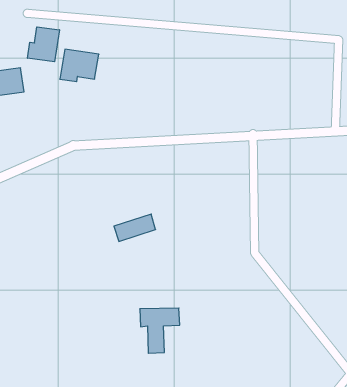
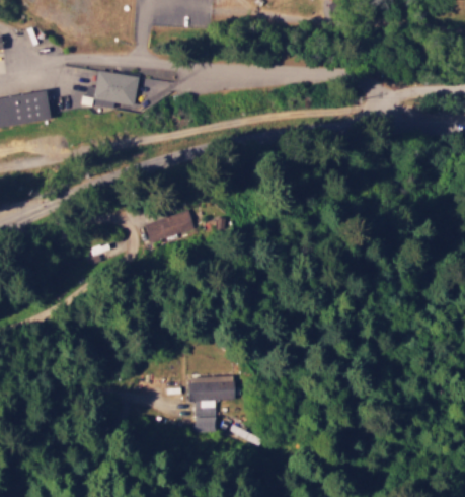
building: [28,27,59,62] -> none
building: [114,214,156,241] -> [145,210,195,242]

